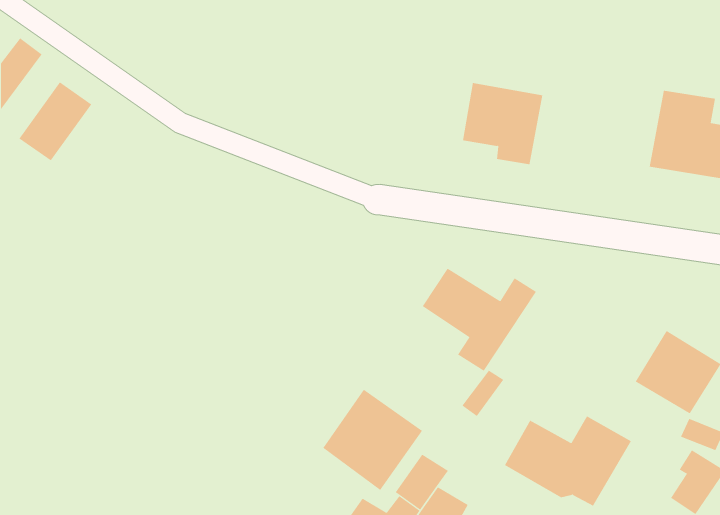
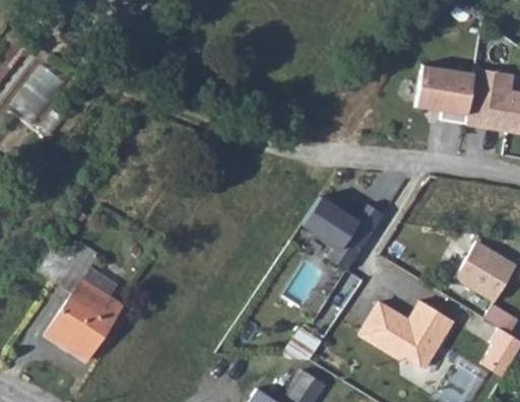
building: [462,82,543,165] -> [416,66,474,125]
building: none -> [47,252,123,362]
building: [323,389,423,491] -> none

